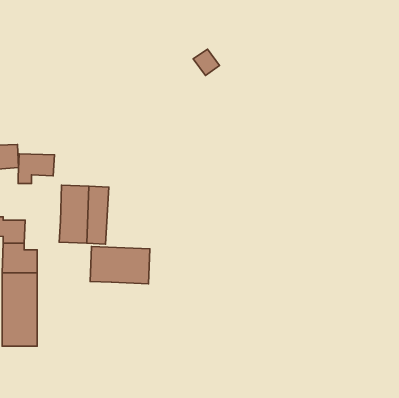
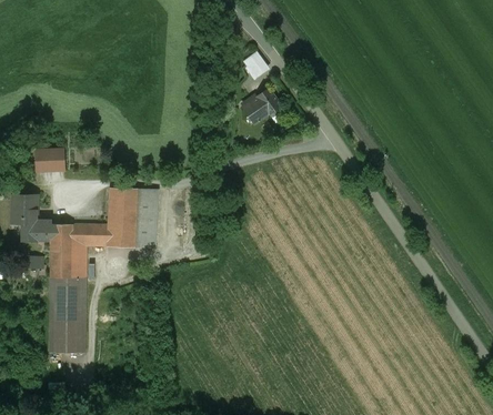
building: none -> [242,88,280,123]
building: [18,154,54,184] -> [71,224,108,254]
building: [90,247,150,284] -> none

